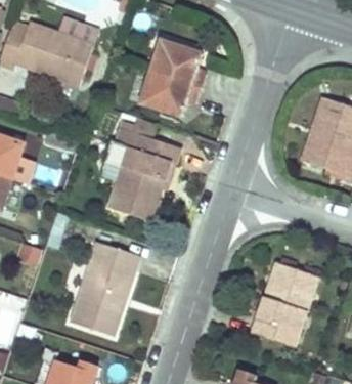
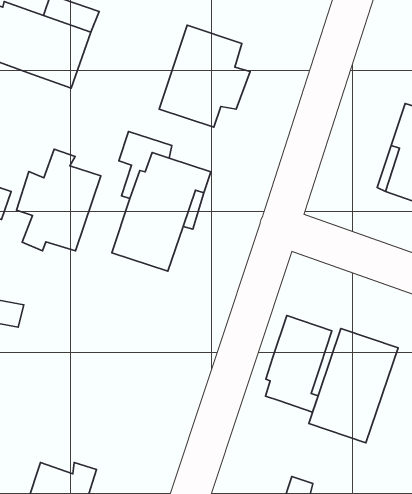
building: none -> [16,149,101,251]
building: [71,242,138,335] -> none
building: none -> [265,315,332,412]

